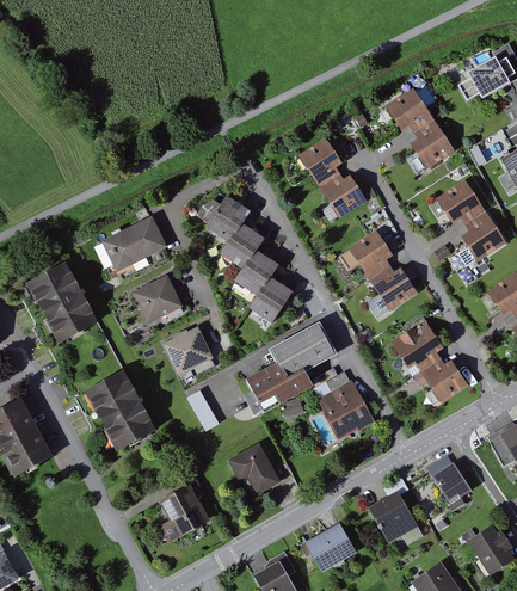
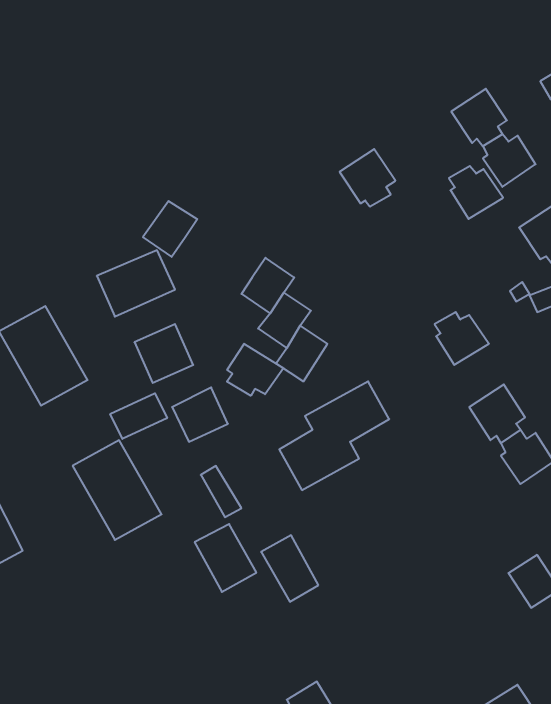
building: [321,174,364,216] -> [449,166,503,219]
building: [205,196,248,240] -> [143,201,197,257]
building: [349,232,393,277] -> none
building: none -> [227,344,284,396]
building: none -> [110,393,167,439]
building: [320,375,370,436] -> none
building: [162,485,211,538] -> [195,524,256,592]
building: [369,491,417,541] -> none
building: [308,523,356,568] -> none

